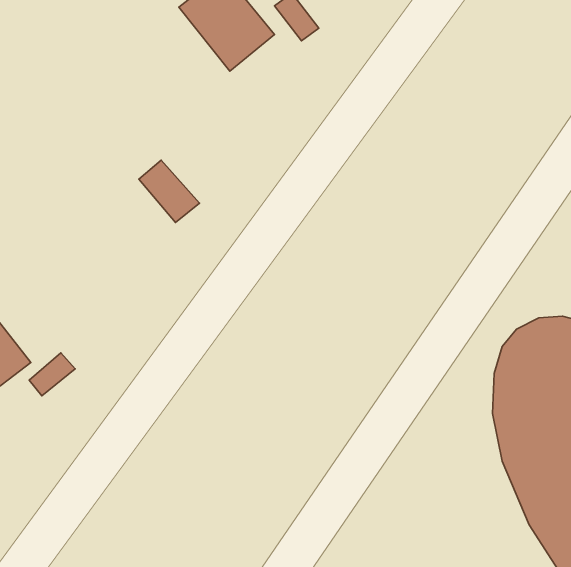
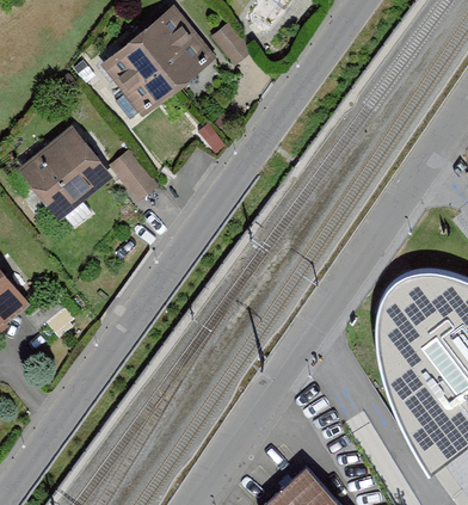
building: none -> [104,39,179,116]
building: none -> [26,130,113,217]

